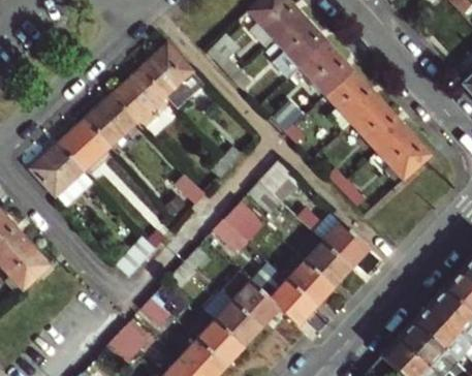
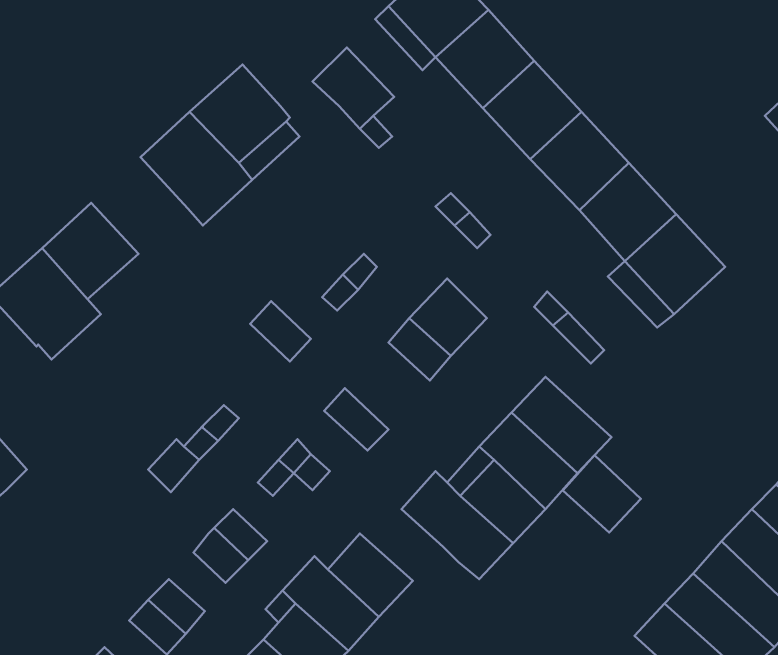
building: [86,93,138,146] -> none
building: [224,201,266,243] -> none
building: none -> [563,455,641,533]
building: [232,280,278,324] -> none

